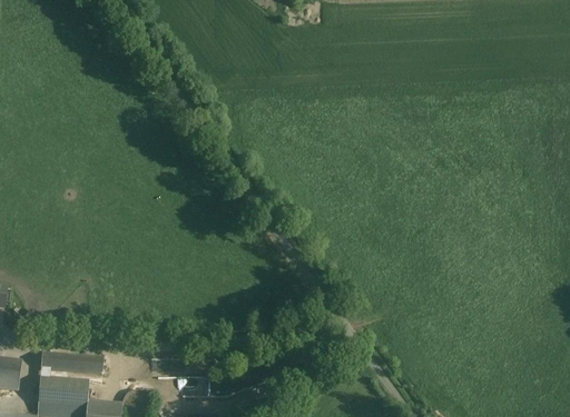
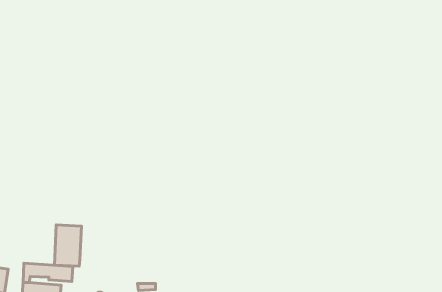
building: none -> [54,225,81,266]

